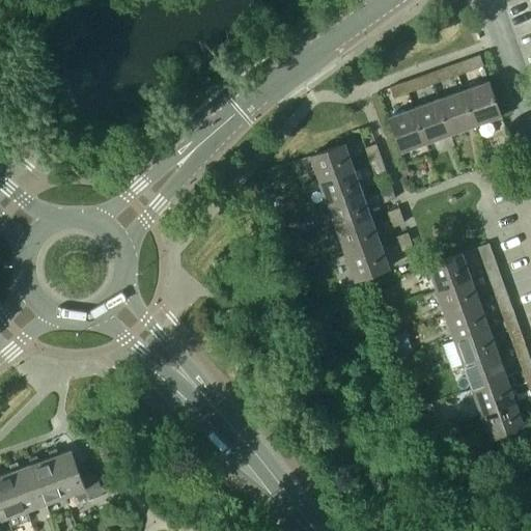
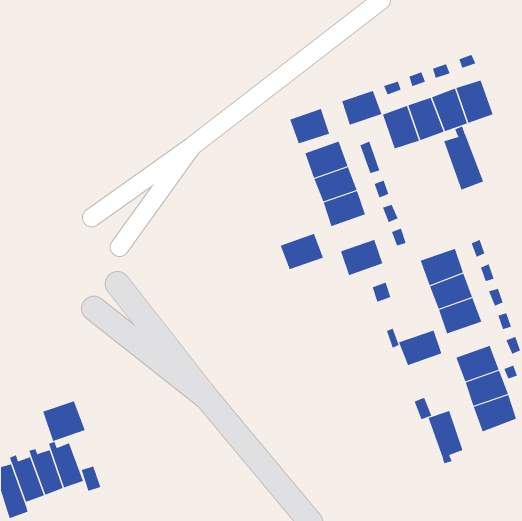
building: none -> [341,90,382,126]
building: none -> [289,108,330,144]
building: none -> [443,126,484,190]
building: [336,219,381,256] -> [280,233,324,270]
building: [453,328,498,364] -> [398,330,442,366]
building: none -> [43,400,85,442]
building: none -> [428,410,463,464]

